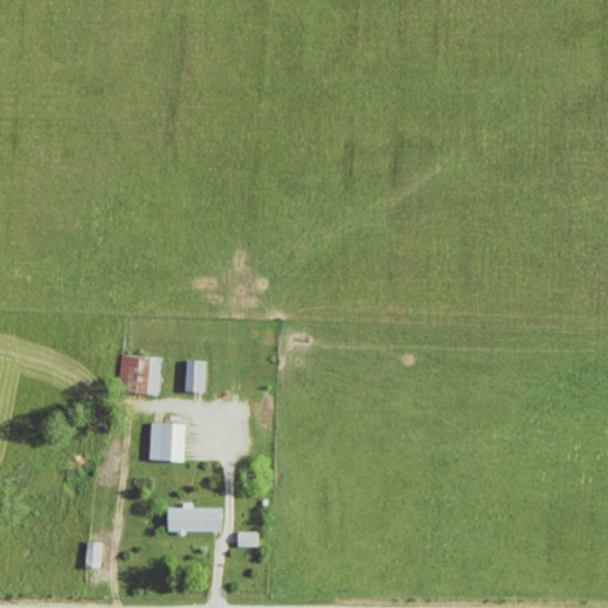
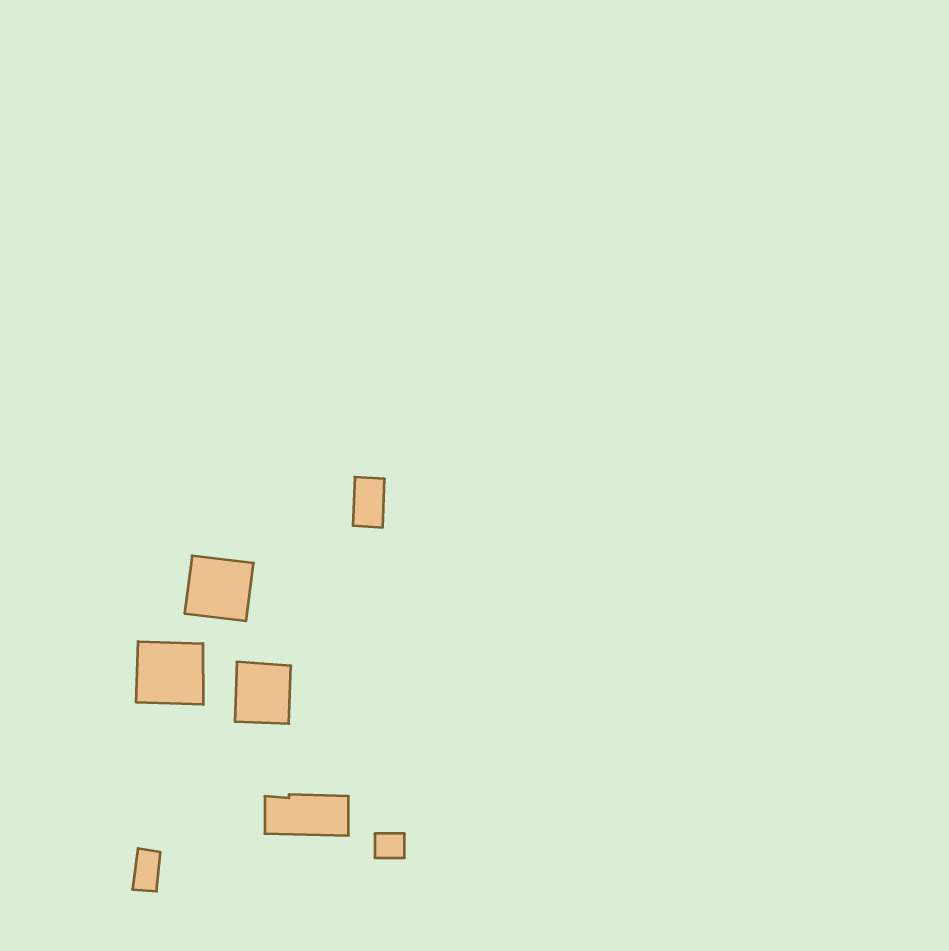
building: [185,360,205,392] -> [353,477,385,527]
building: none -> [136,641,203,705]

